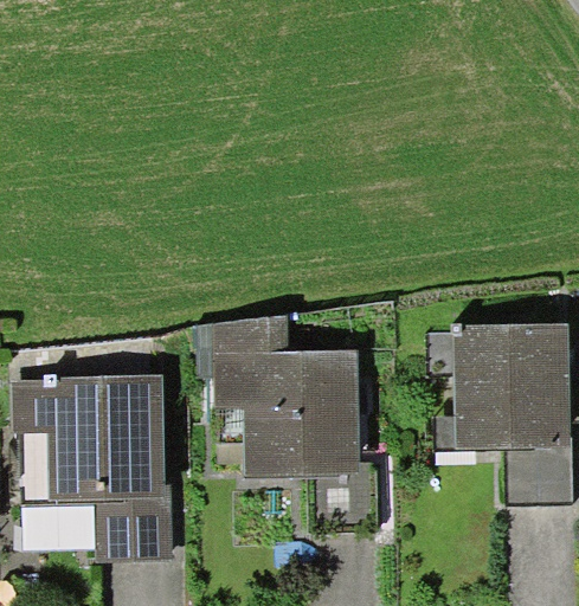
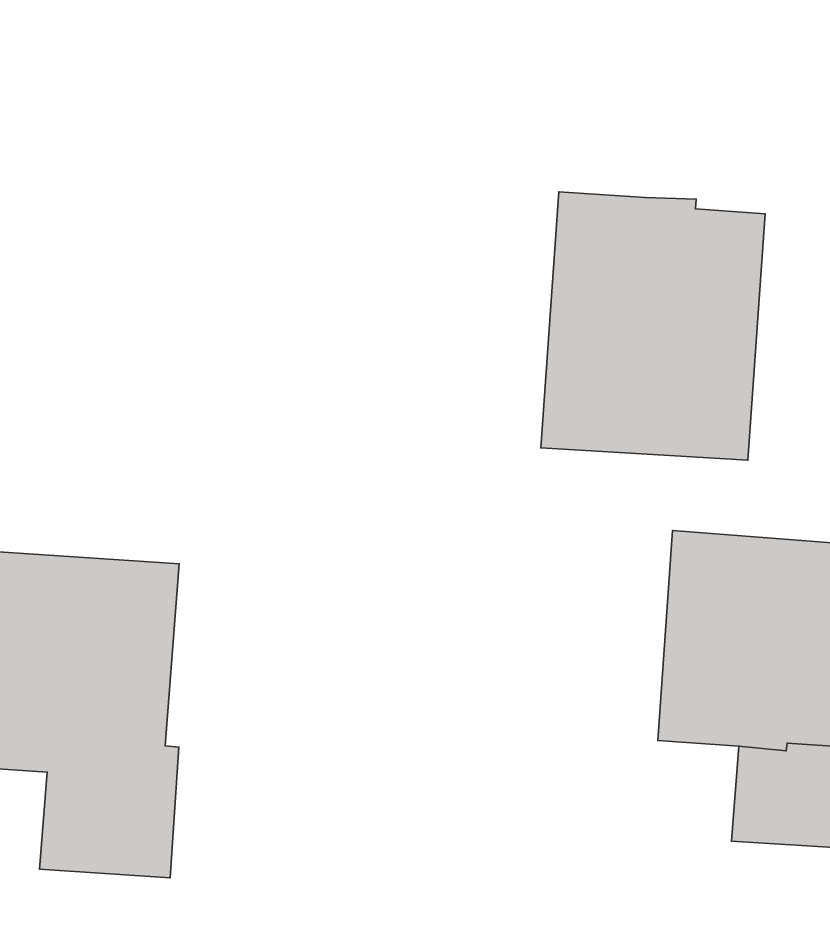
building: none -> [541,192,765,460]
building: [192,312,359,478] -> none

